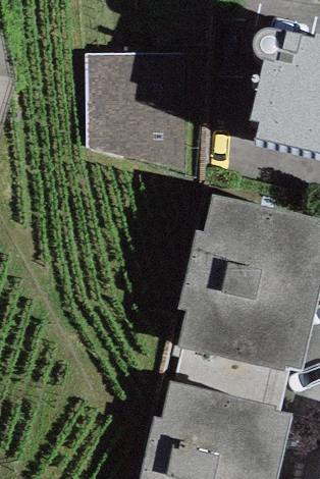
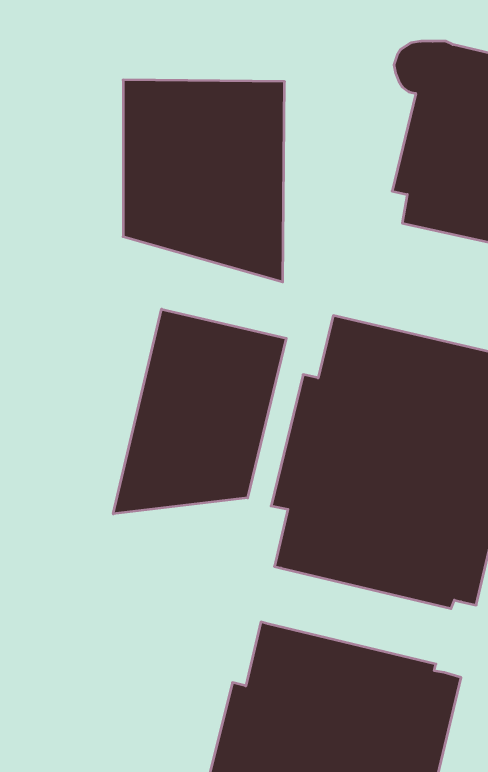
building: none -> [113,309,286,514]
building: [174,349,291,412] -> none

